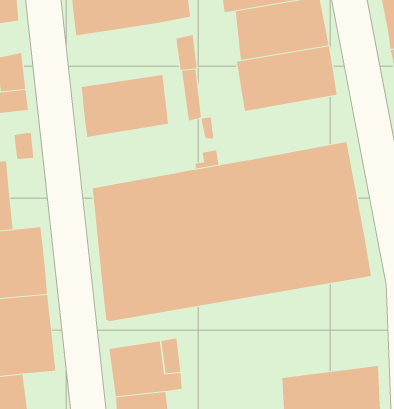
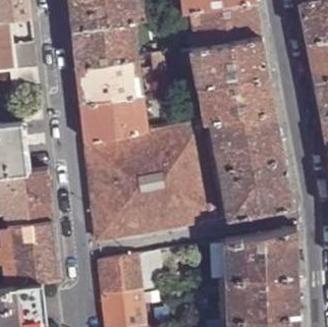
building: none -> [71,18,136,65]
building: none -> [197,71,273,119]
building: none -> [79,93,145,141]
building: none -> [223,226,296,281]

